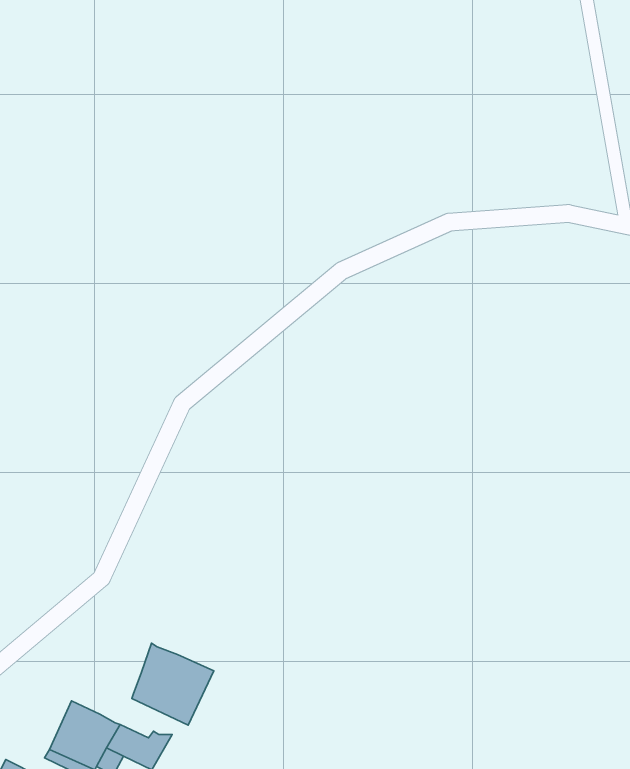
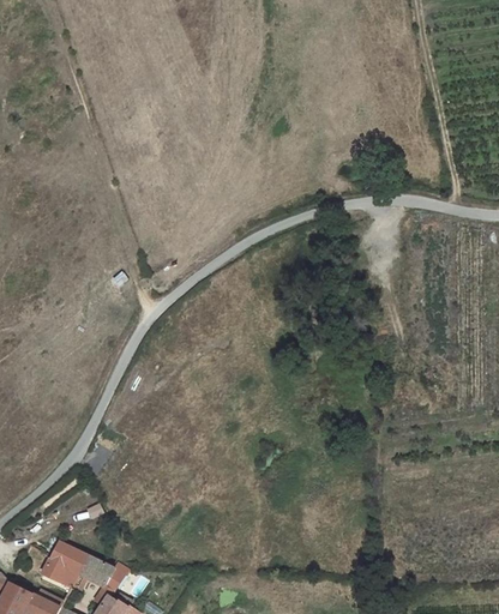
building: [132,643,214,725] -> none

